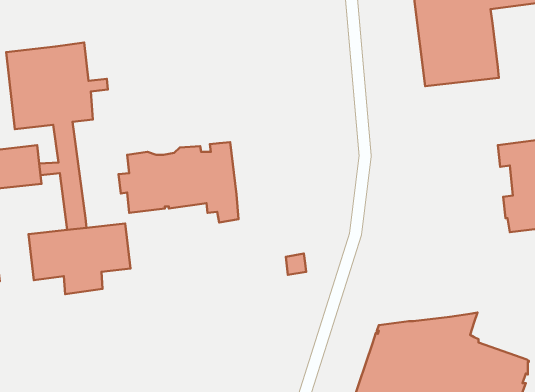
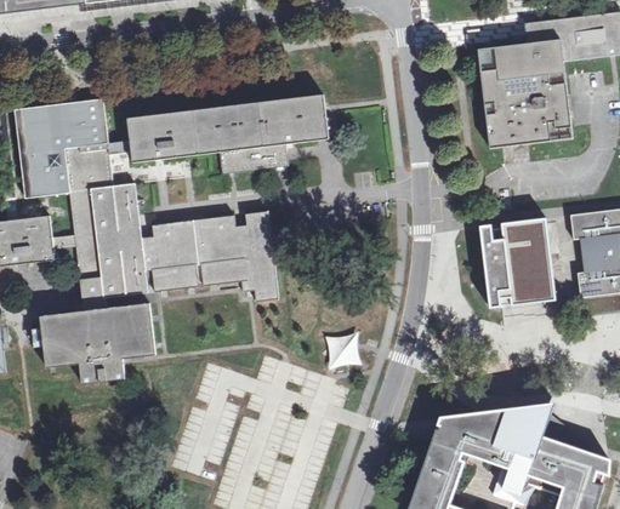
building: none -> [127,93,329,173]
building: none -> [90,183,148,297]
building: none -> [479,217,556,308]

